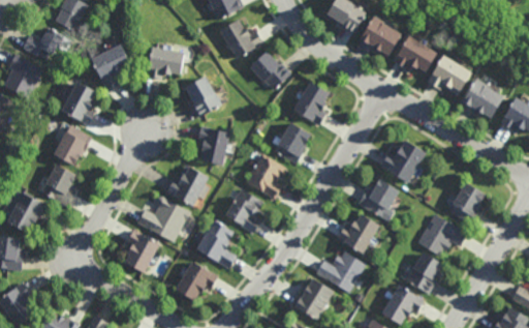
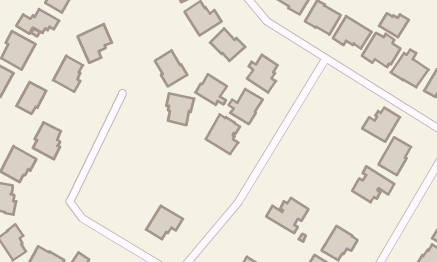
building: none -> [379,13,409,37]
building: [147,48,185,80] -> none
building: none -> [195,74,227,105]
building: [56,126,91,163] -> [16,82,46,114]
building: [380,141,425,181] -> [362,108,400,142]
building: [166,162,209,205] -> none
building: [359,176,401,221] -> none
building: [225,187,262,233] -> none
building: [137,196,190,242] -> none
building: [337,211,381,251] -> none
building: [196,218,237,269] -> none
building: [124,228,159,272] -> none
building: [406,250,443,293] -> none
building: [293,276,334,320] -> none

